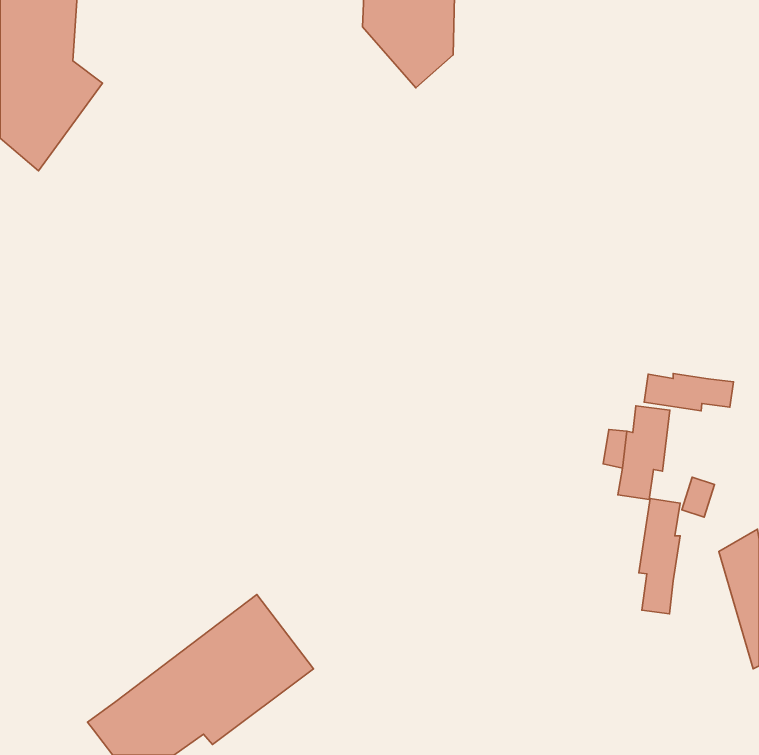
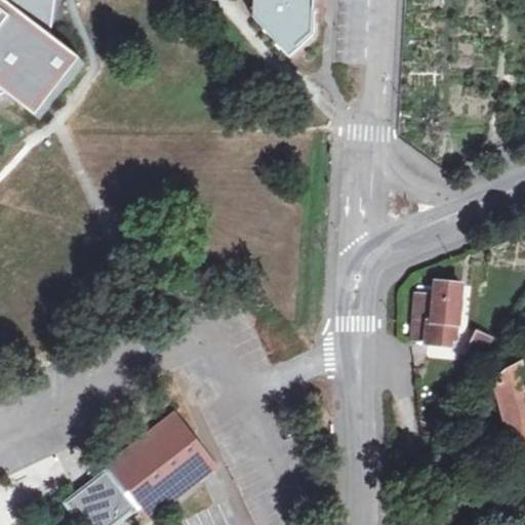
building: [644,373,733,411] -> none
building: [639,499,680,614] -> none

